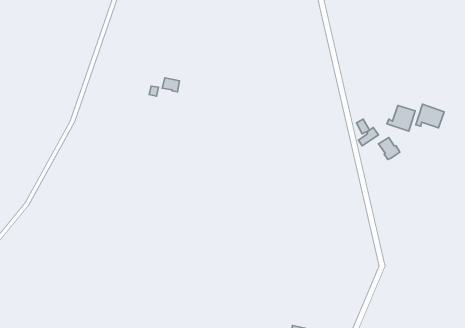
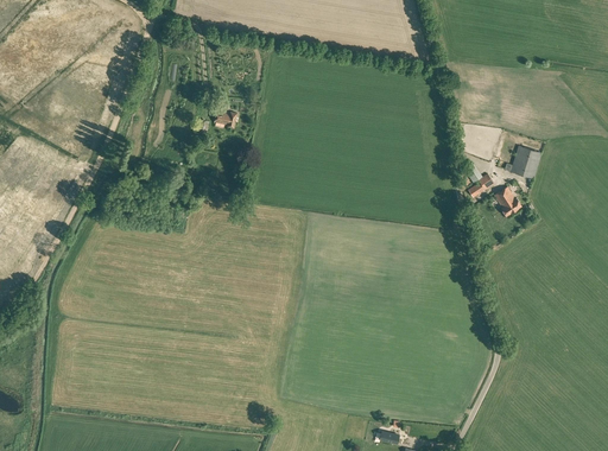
building: [416,104,444,128] -> none

